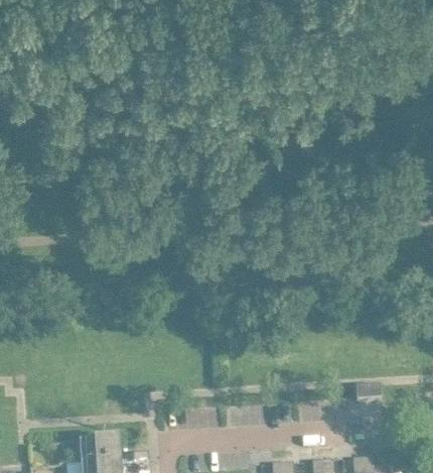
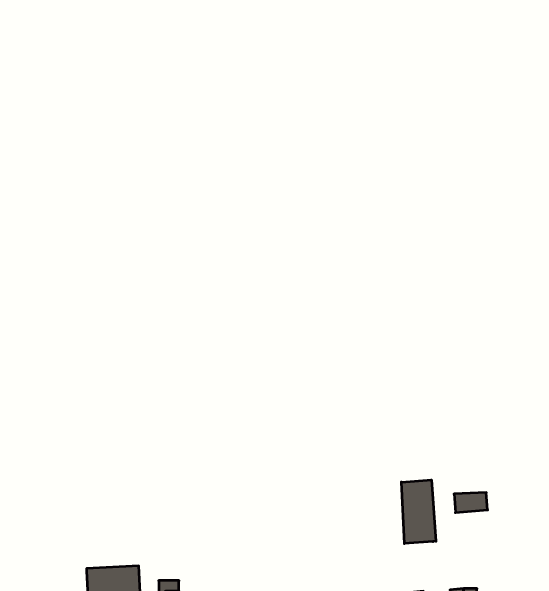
building: none -> [401,480,436,544]

